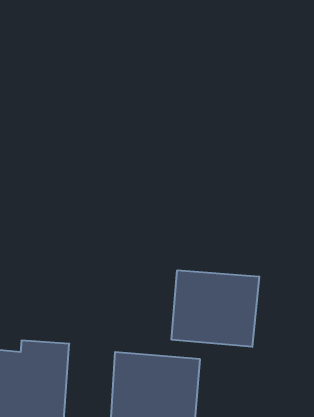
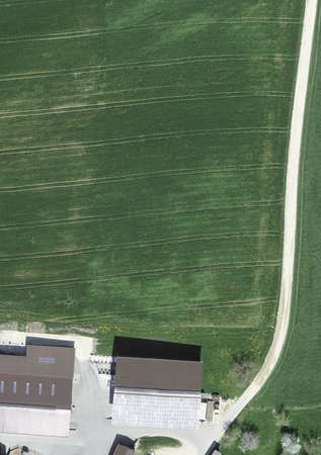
building: [172,270,259,347] -> none

